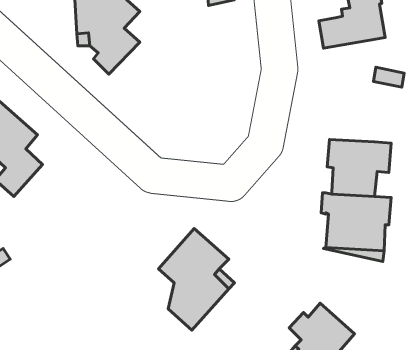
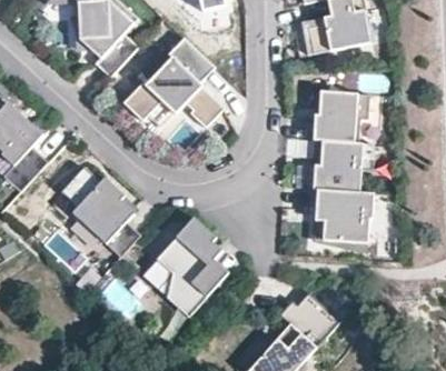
building: none -> [123,38,224,127]
building: none -> [313,89,368,140]
building: none -> [60,166,139,257]

